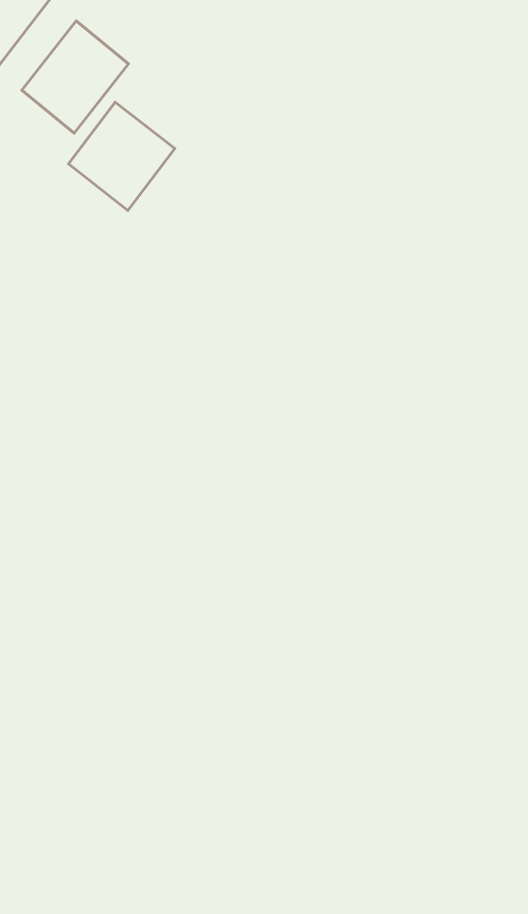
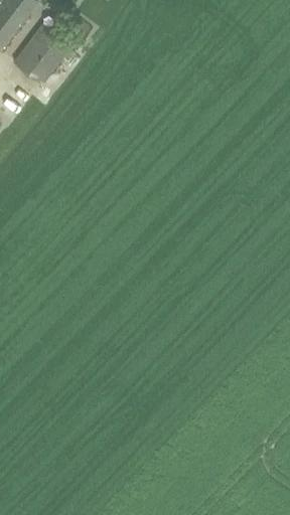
building: [68,102,175,211] -> none

